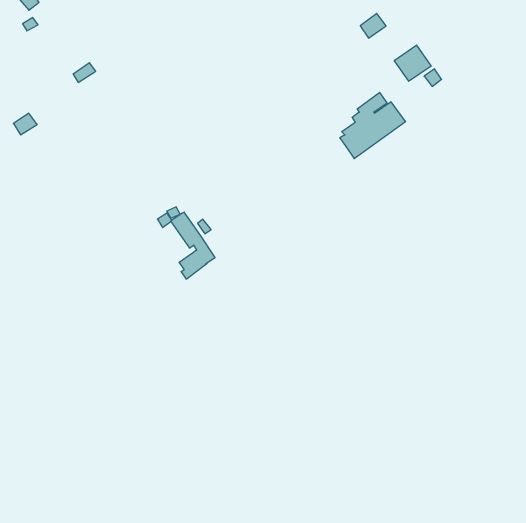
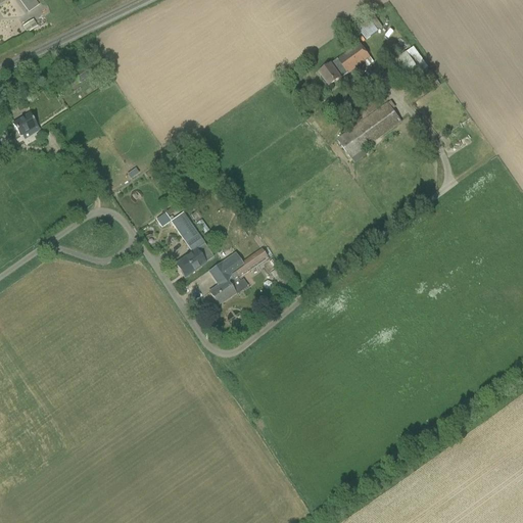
building: none -> [320,41,374,84]
building: none -> [209,247,267,303]

